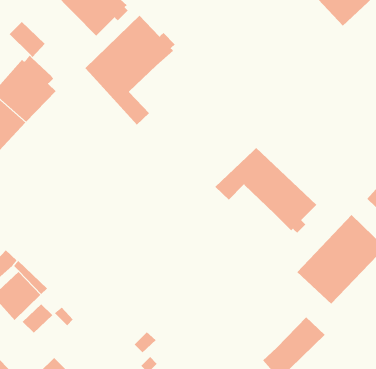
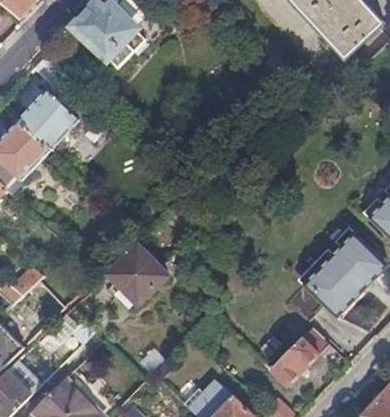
building: [85,15,175,126] -> none
building: [215,147,317,233] -> none
building: none -> [107,245,167,305]

